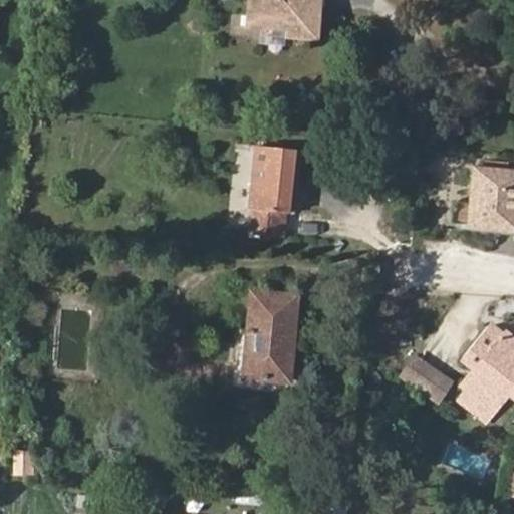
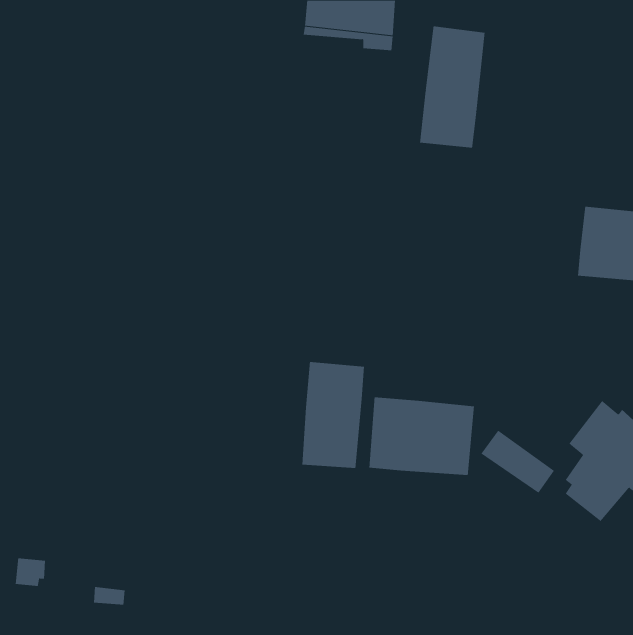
building: none -> [419,26,485,149]
building: [247,144,300,236] -> none
building: none -> [369,397,474,476]

